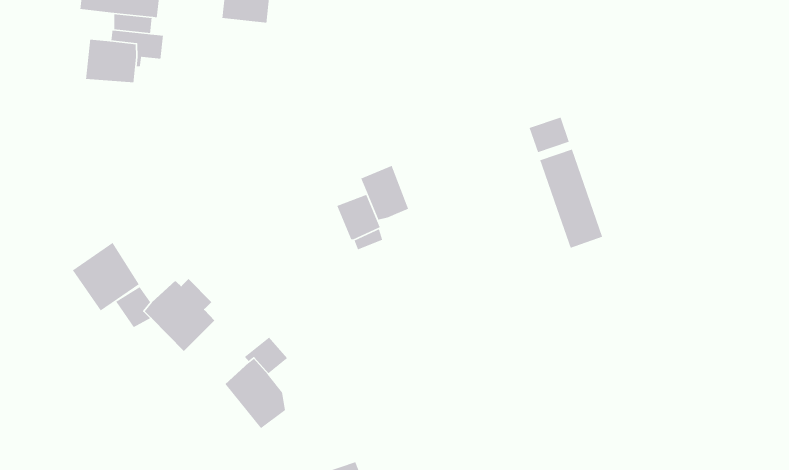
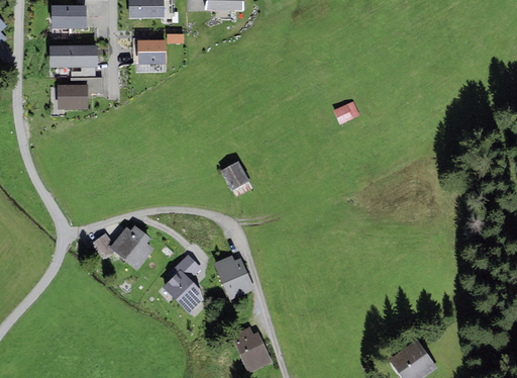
building: [539,148,603,249] -> none
building: [360,165,409,221] -> none
building: [72,242,140,312] -> none
building: none -> [213,255,255,300]

